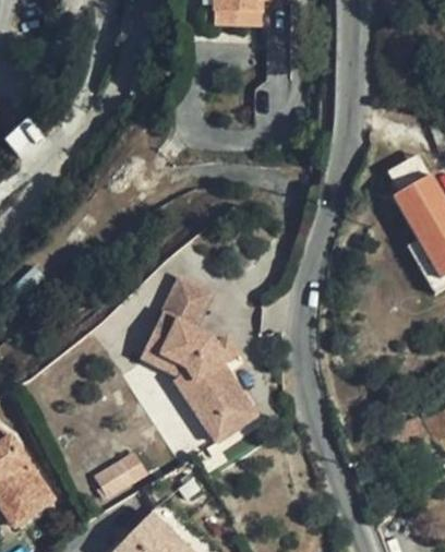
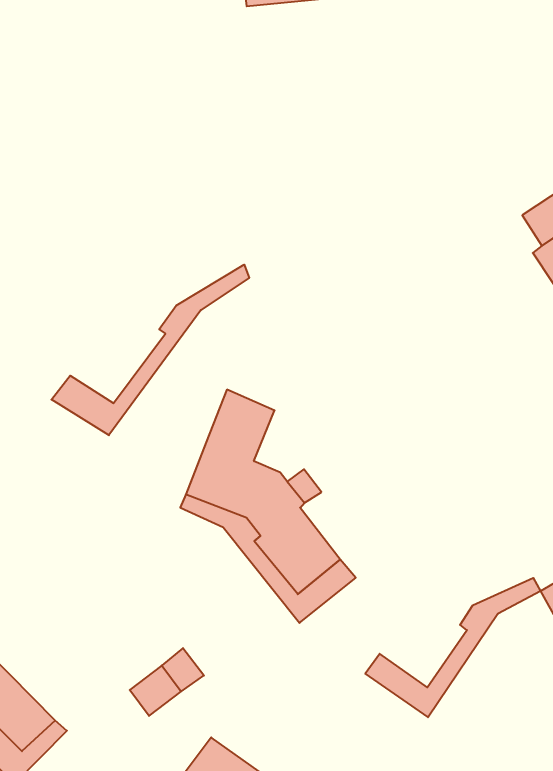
building: none -> [51,265,249,435]
building: none -> [365,578,540,717]

